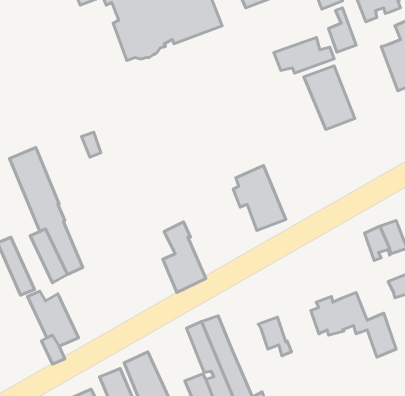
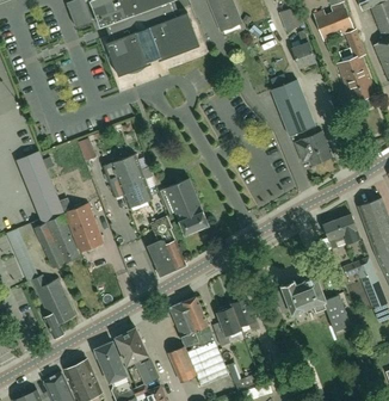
building: [274,37,334,73] -> none
building: none -> [296,131,331,164]
building: none -> [103,153,152,206]
building: [233,166,286,230] -> [162,178,208,234]
building: none -> [63,203,103,251]
building: none -> [215,307,240,345]

